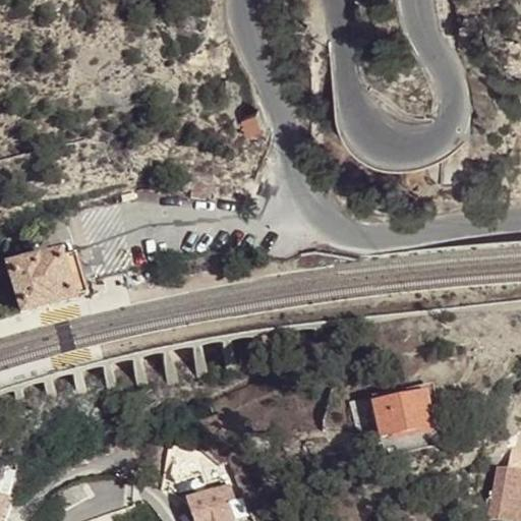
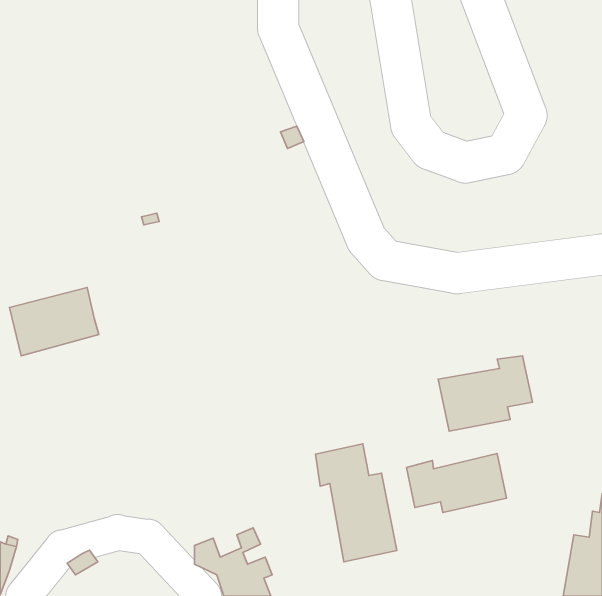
building: none -> [438,356,532,431]
building: none -> [315,444,397,562]

